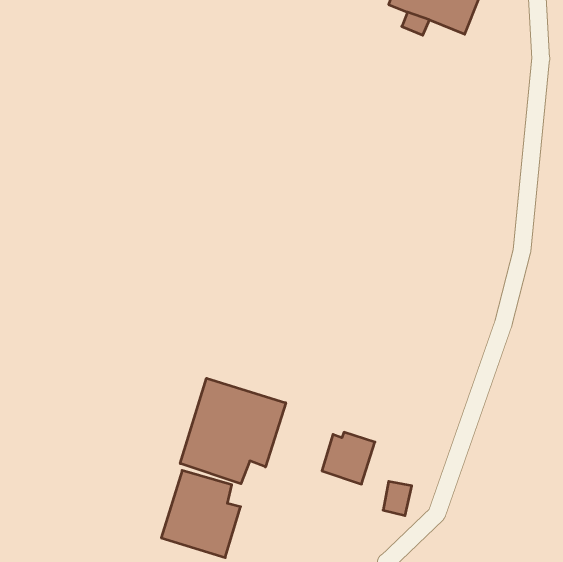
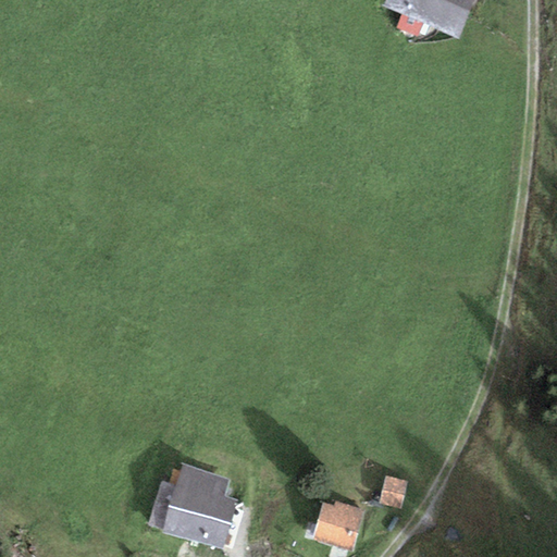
building: [180,378,286,484] -> none
building: [322,432,375,484] -> [312,498,364,549]

